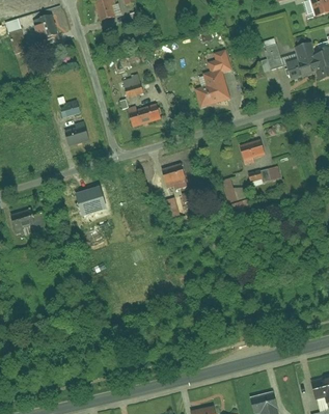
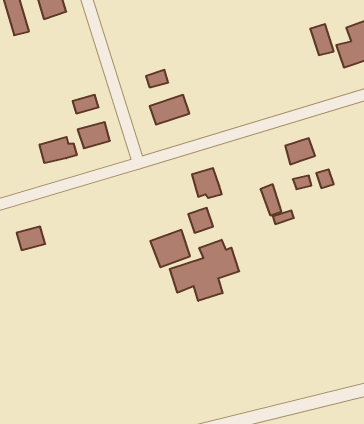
building: [194,49,231,107] -> none
building: none -> [40,137,77,163]
building: [78,188,111,219] -> [150,230,190,267]
building: none -> [170,240,239,301]

